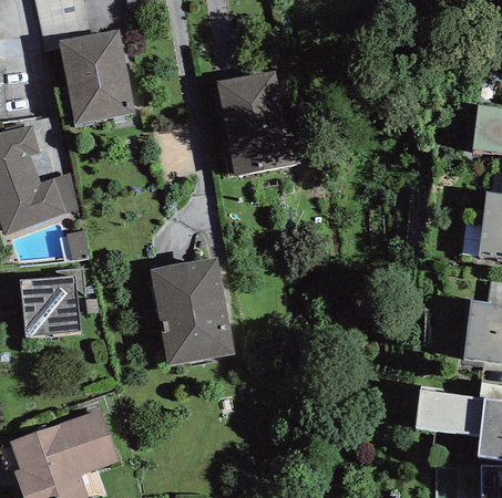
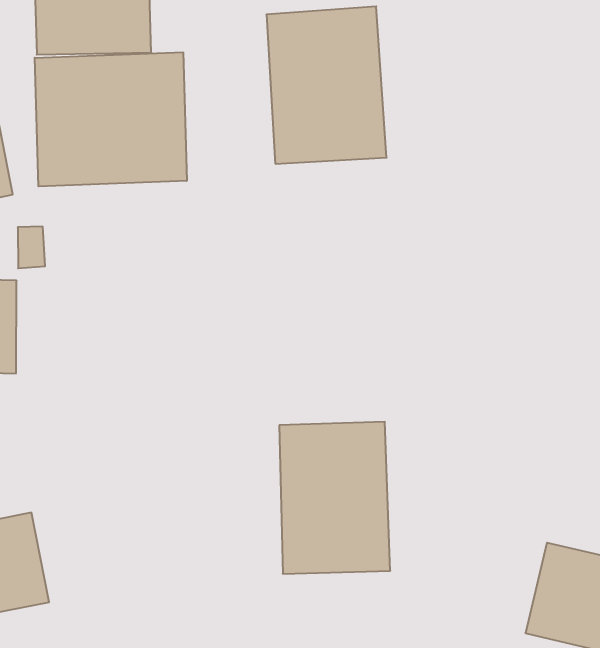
building: none -> [35,52,187,186]
building: [154,262,234,364] -> [279,422,390,574]

